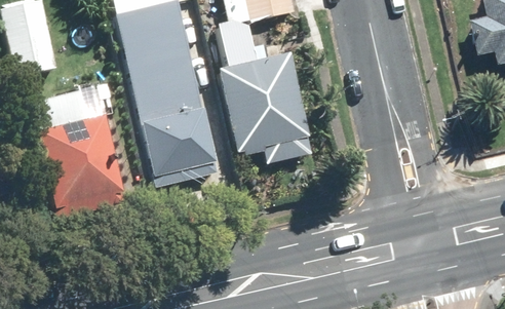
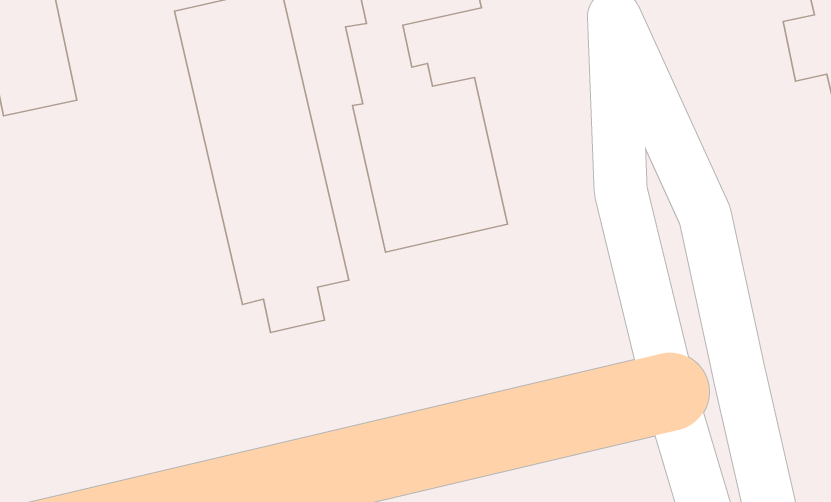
building: [32,84,125,219] -> none

